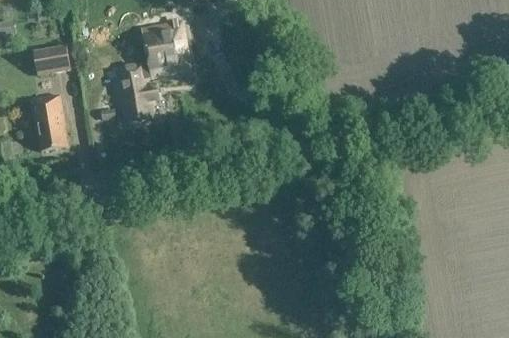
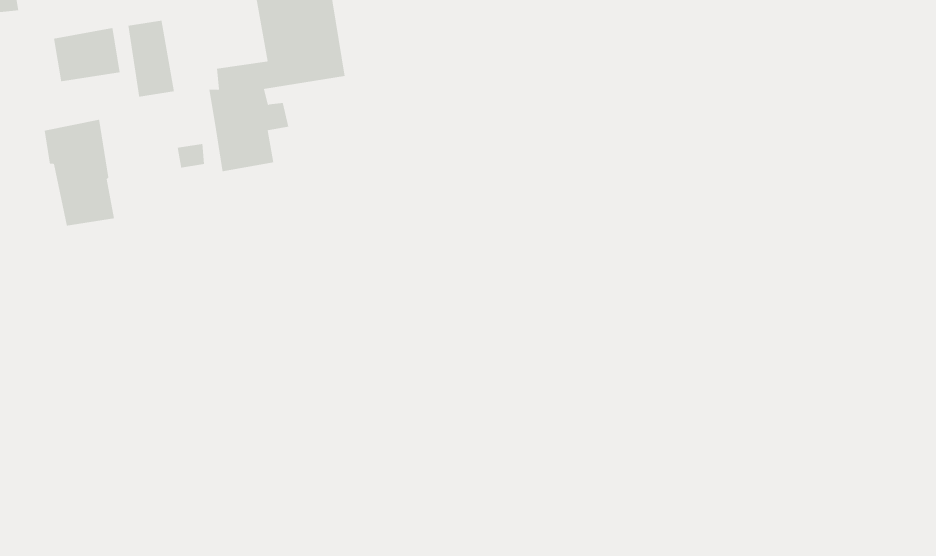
building: none -> [128,20,174,98]

